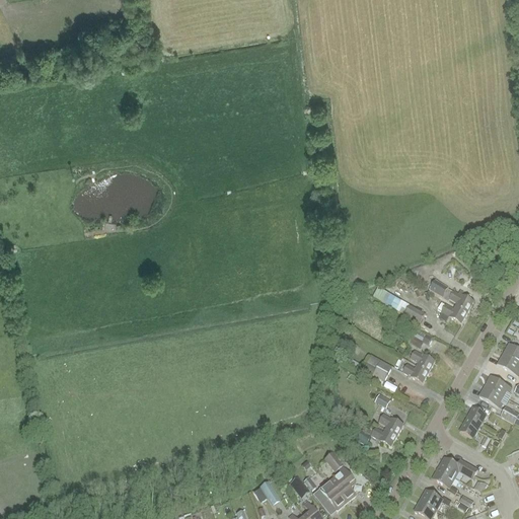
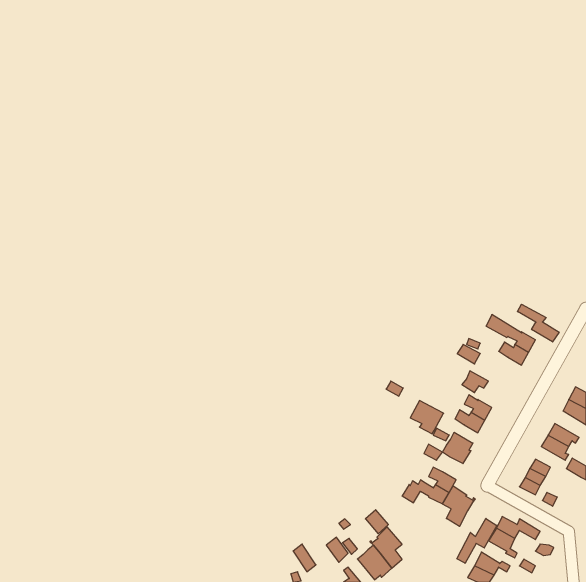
building: none -> [517,304,559,342]
building: none -> [442,432,473,464]
building: none -> [442,486,475,526]
building: none -> [457,518,497,563]

